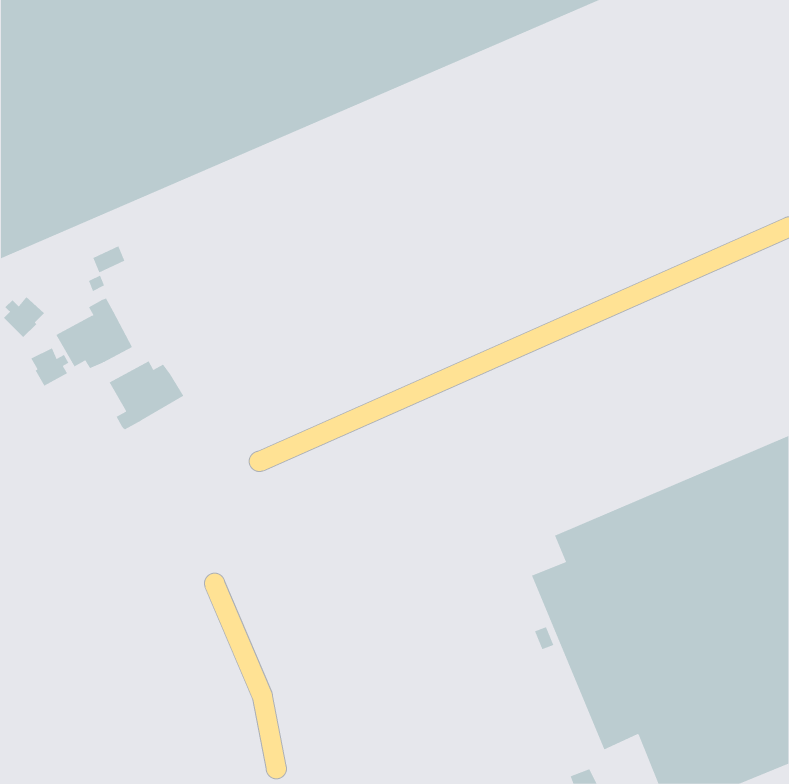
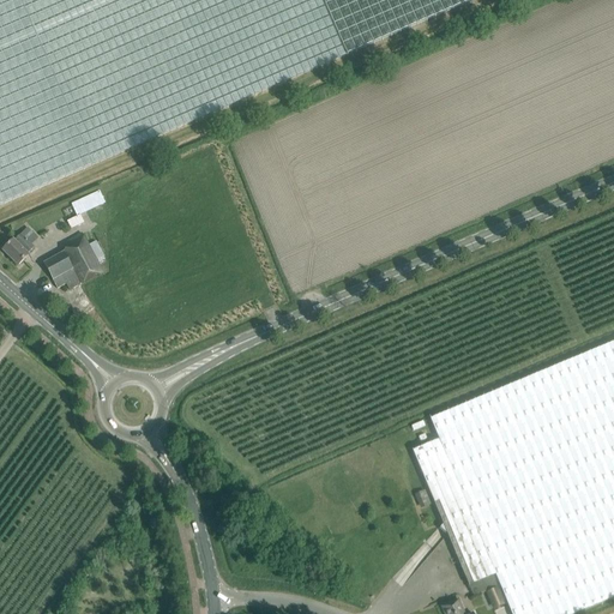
building: [31,348,69,387] -> none
building: [109,360,184,430] -> none

